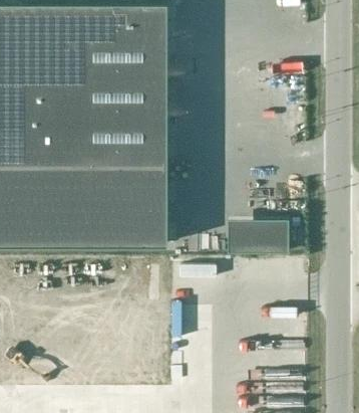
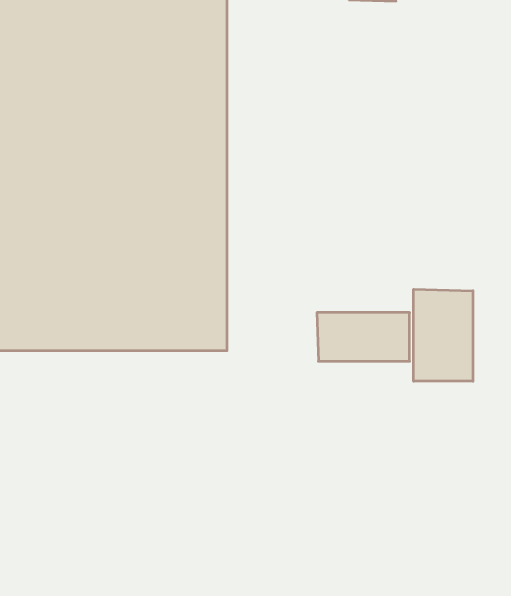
building: none -> [414,289,473,381]

